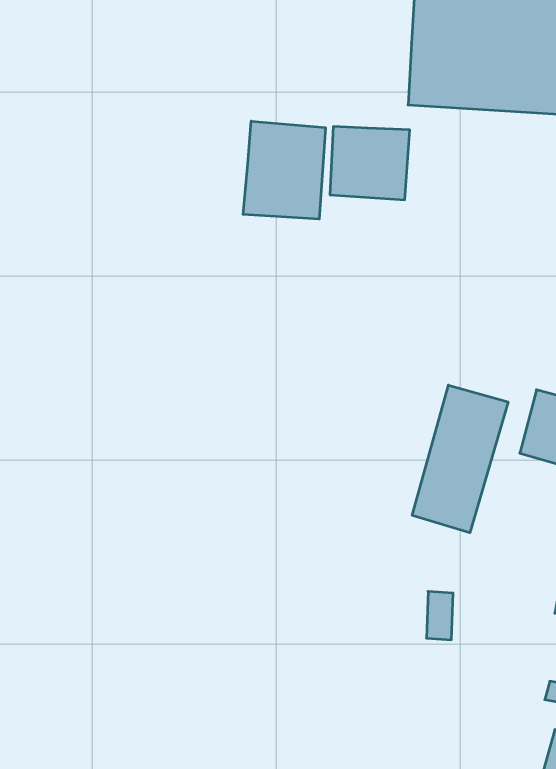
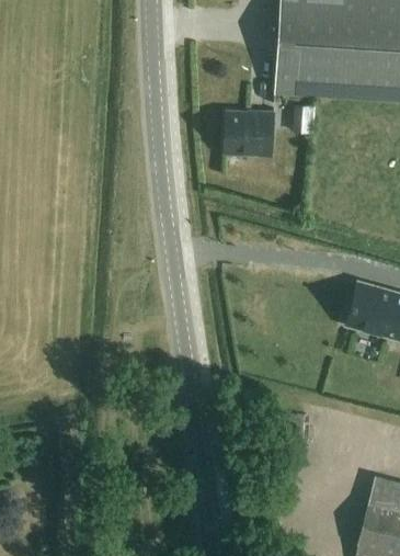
building: [243,121,325,219] -> none
building: [412,385,508,533] -> none

